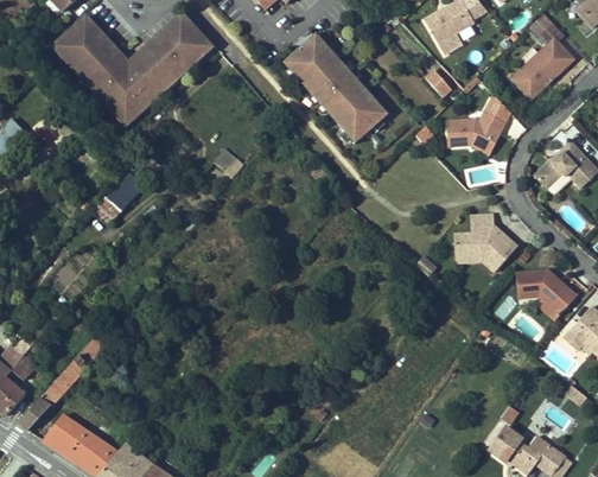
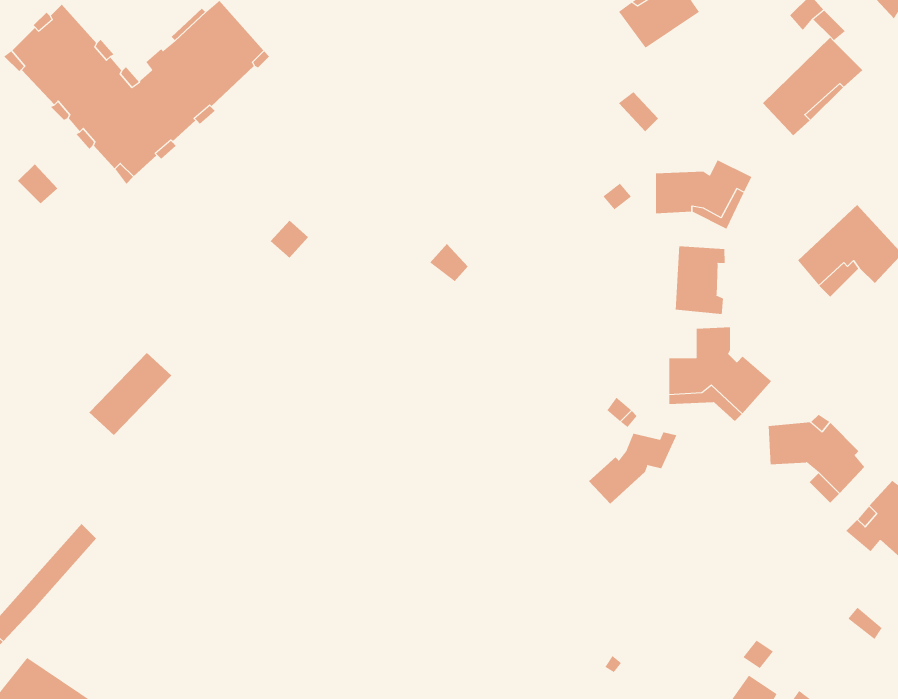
building: [282,31,388,141] -> none
building: none -> [675,245,725,315]
building: [94,171,145,222] -> [88,352,172,436]
building: none -> [588,431,677,505]

